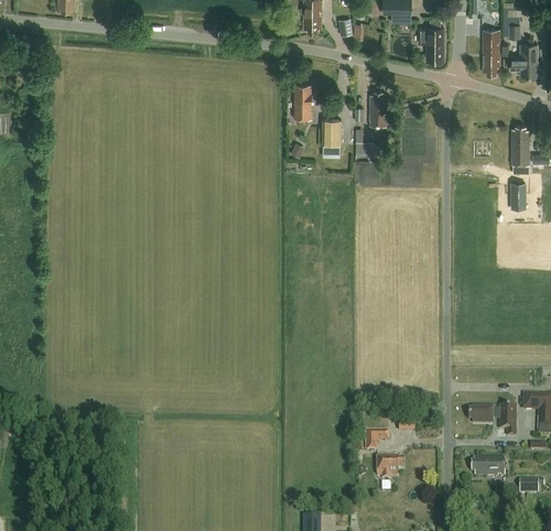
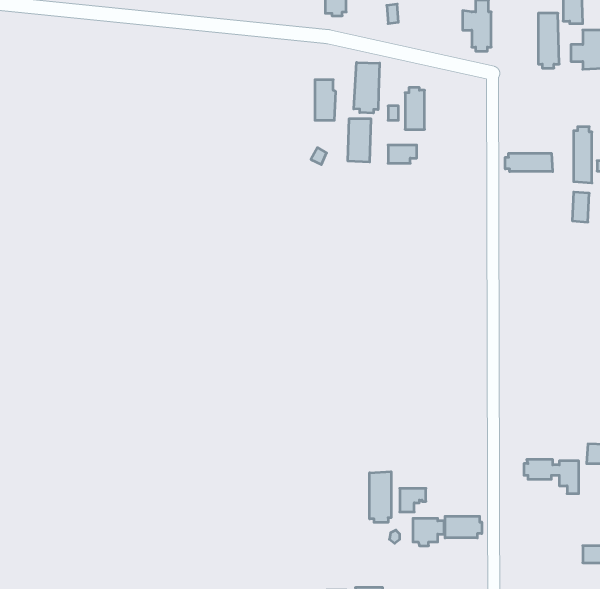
building: none -> [354,62,380,113]
building: none -> [505,153,553,172]
building: none -> [370,472,391,522]
building: none -> [445,516,482,538]
building: [472,457,505,475] -> none

